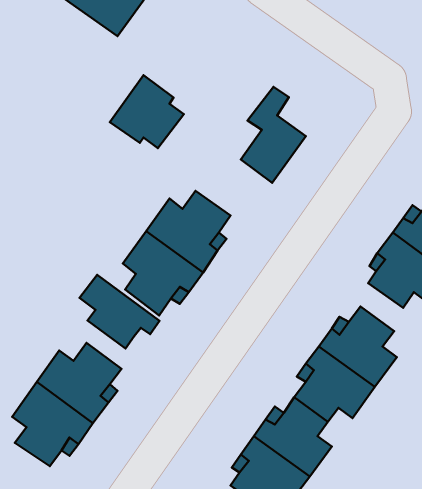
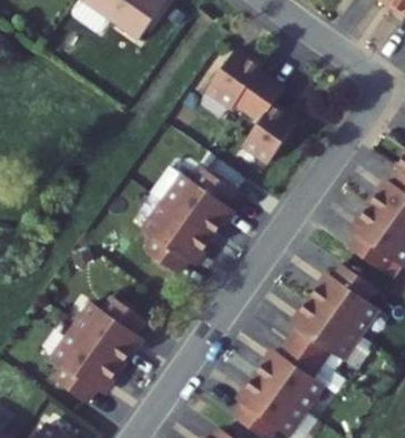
building: [110,75,184,148] -> [209,47,272,109]
building: [80,275,159,348] -> none

